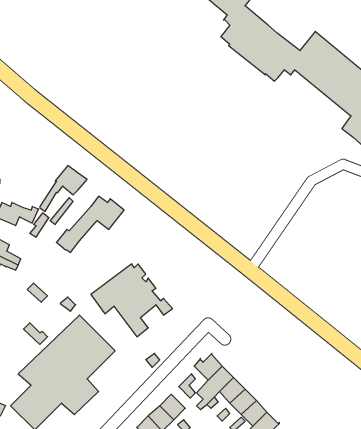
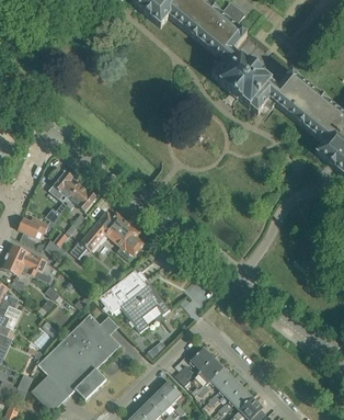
building: none -> [48,167,80,220]
building: none -> [115,224,144,261]

